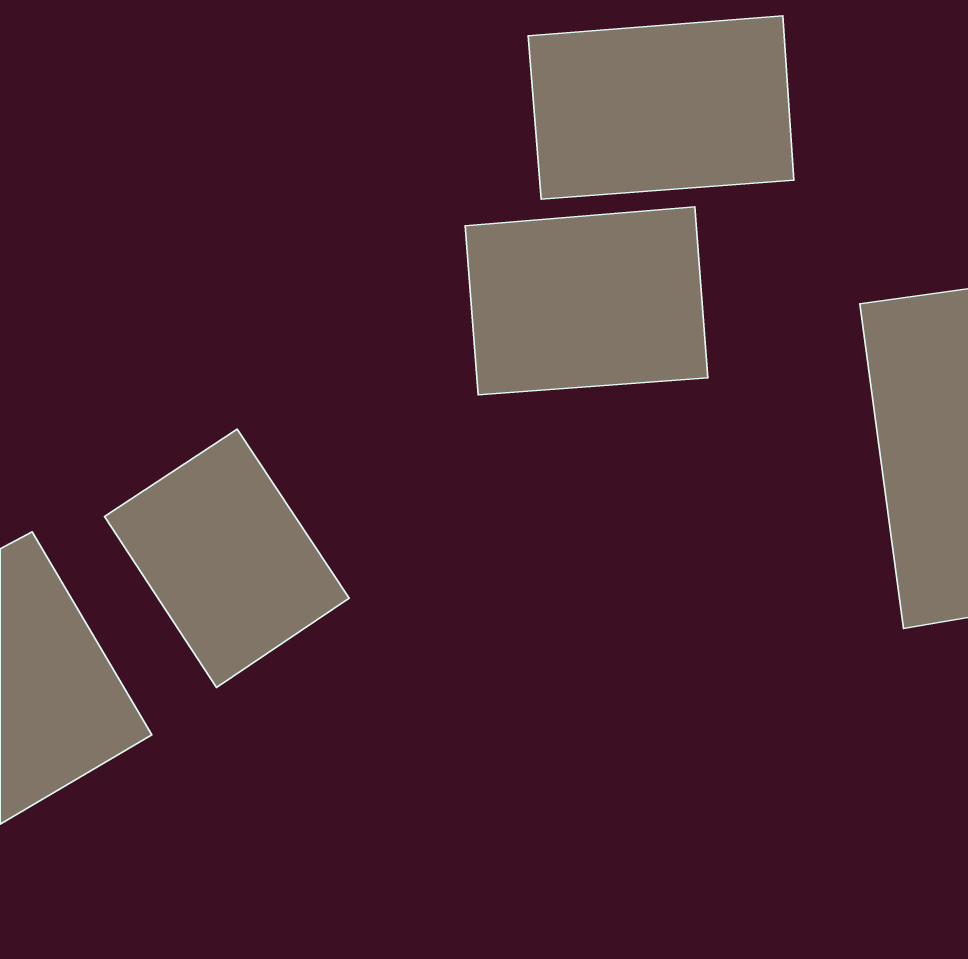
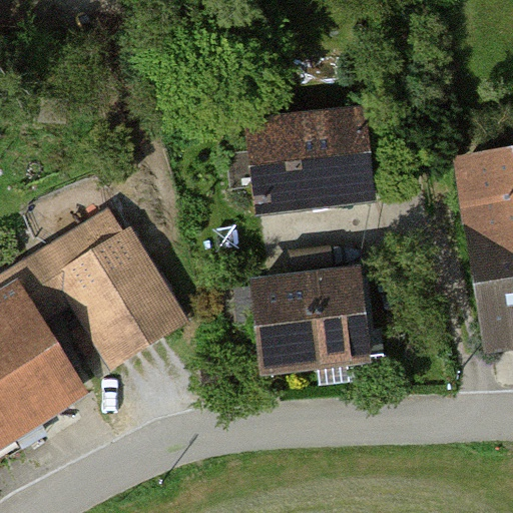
building: [528,16,794,199] -> none
building: none -> [253,281,360,366]

